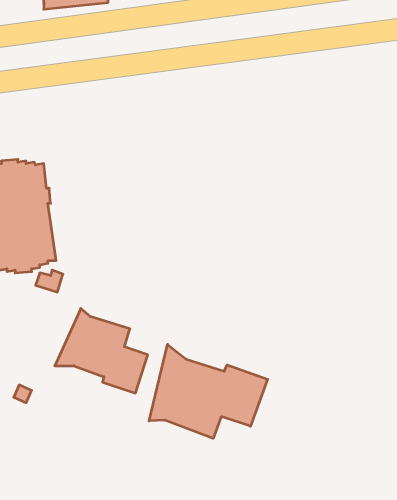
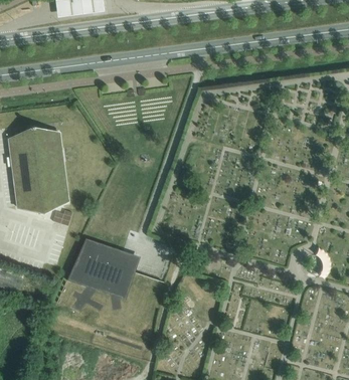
building: [149,344,268,438] -> none

